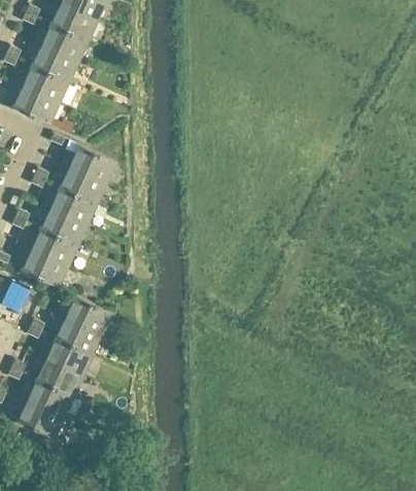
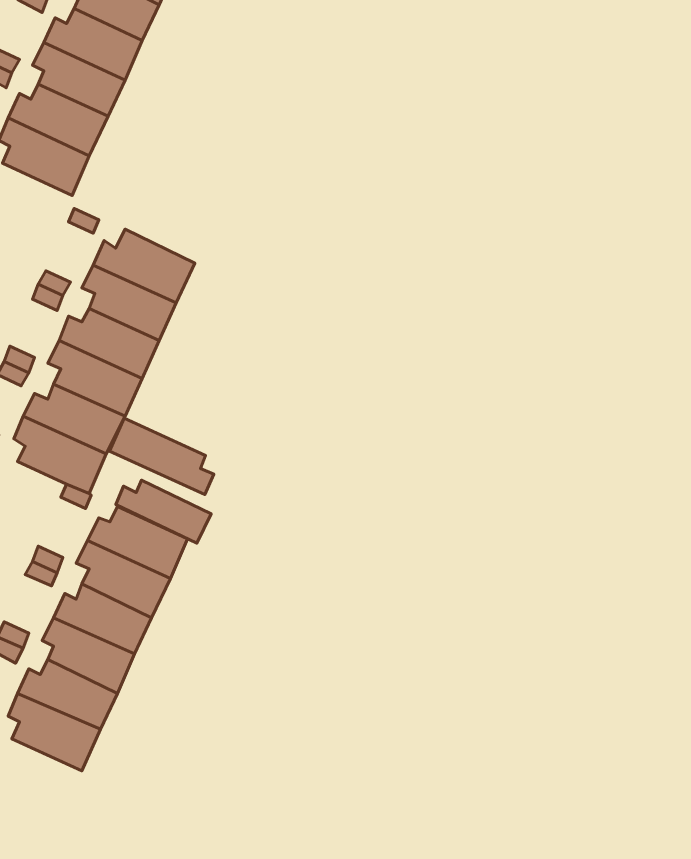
building: none -> [110,418,214,494]
building: none -> [116,480,211,543]

